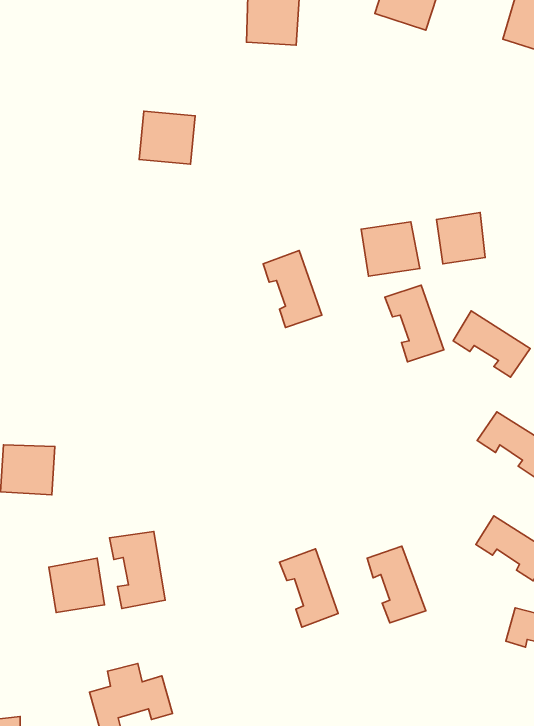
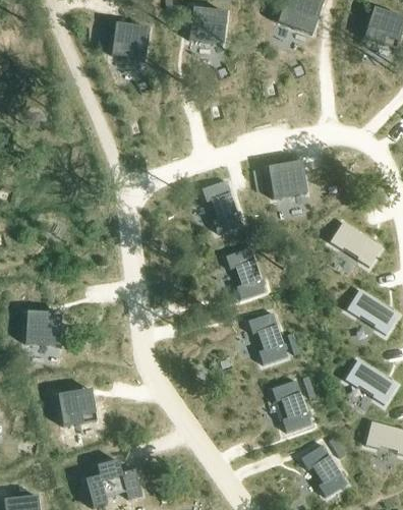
building: [139,111,195,164] -> [112,23,150,59]
building: [436,213,485,264] -> none
building: [385,285,444,362] -> [226,248,266,300]
building: [110,531,165,609] -> none
building: [279,549,338,627] -> [248,313,288,365]
building: none -> [301,445,348,497]

